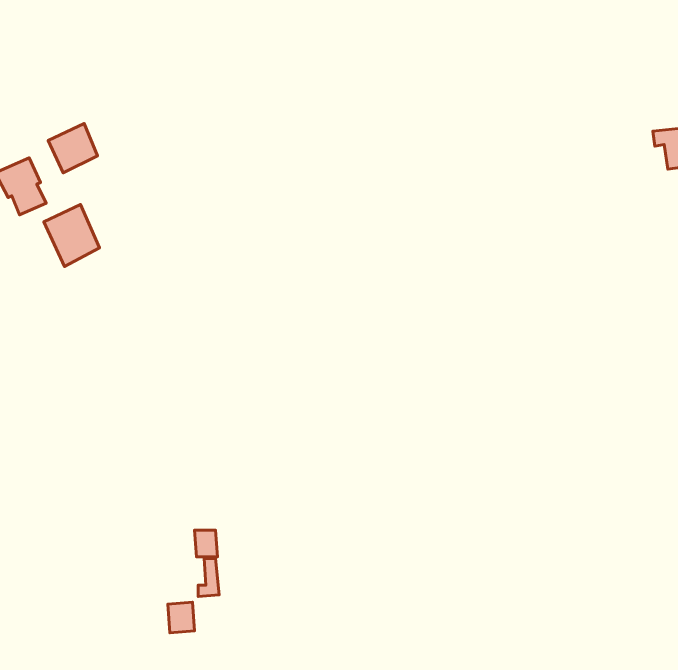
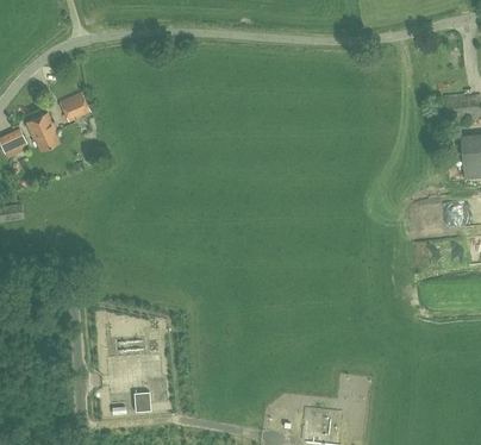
building: [44,205,99,266] -> none

